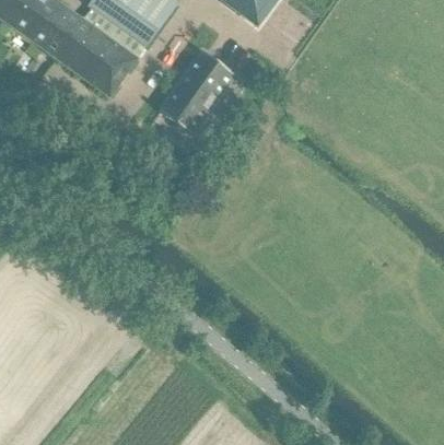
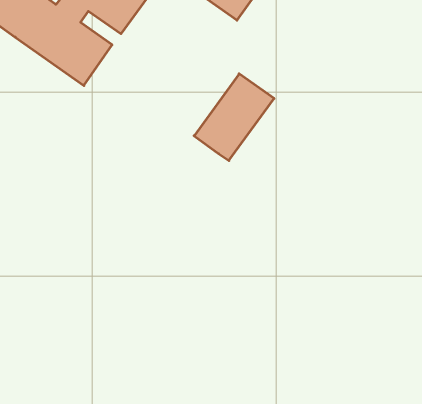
building: [157,49,235,133] -> [194,74,274,161]

